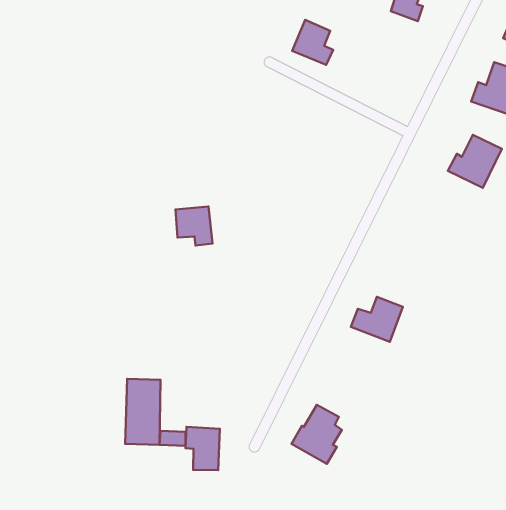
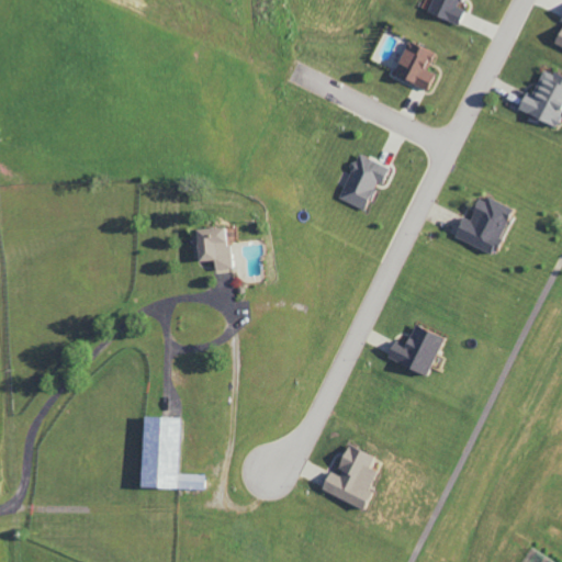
building: [292,20,333,65] -> [392,41,437,90]
building: [448,135,502,188] -> [453,194,513,252]
building: none -> [339,153,386,210]
building: [185,427,220,470] -> none

